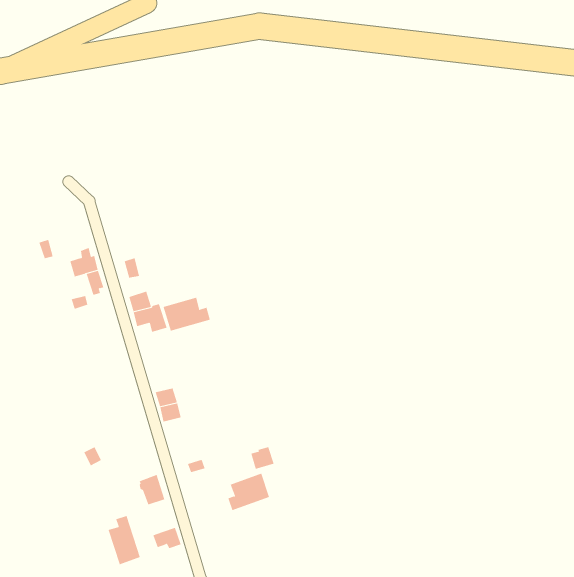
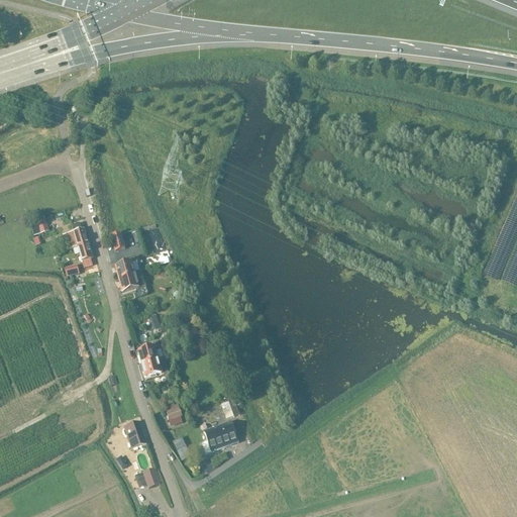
building: [163,297,210,331] -> none
building: [108,515,141,565] -> none

